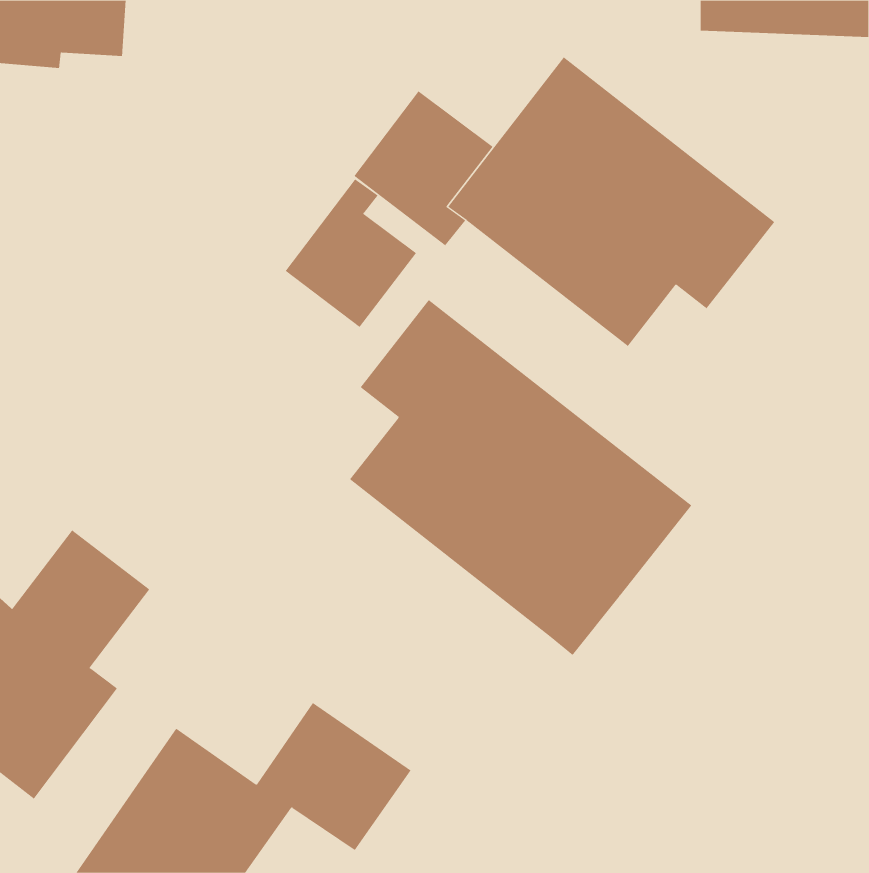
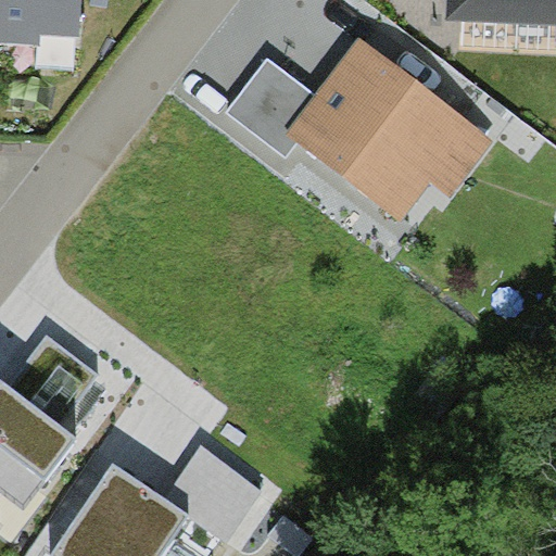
building: [285,178,417,328] -> none
building: [349,299,692,656] -> none

